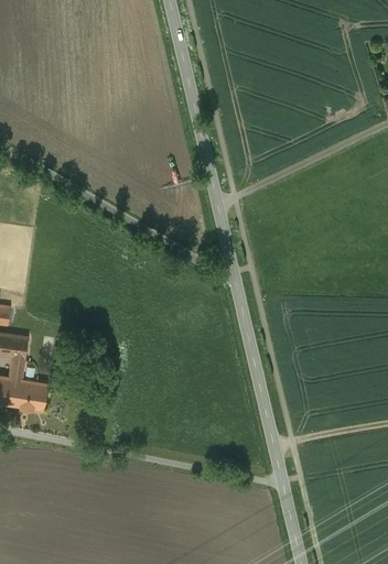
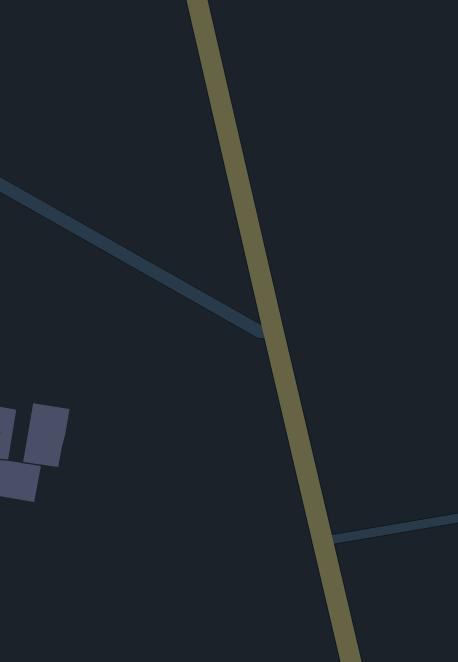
building: none -> [22,403,70,468]

